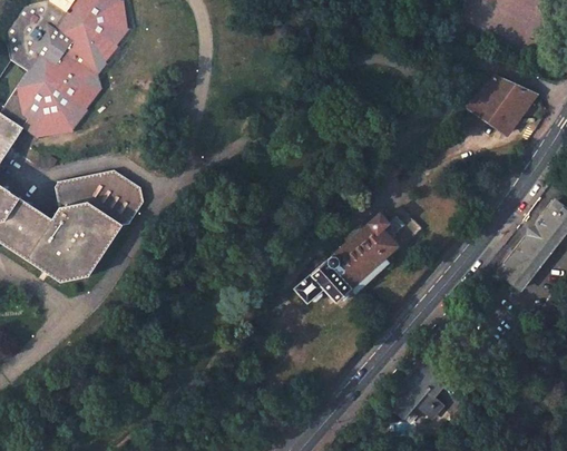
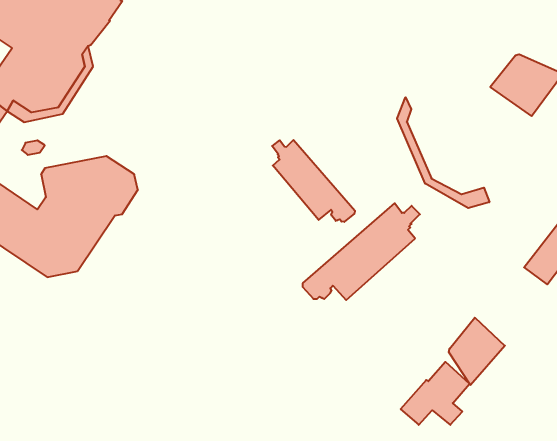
building: none -> [397,97,489,208]
building: none -> [272,140,355,222]
building: none -> [449,318,505,385]

